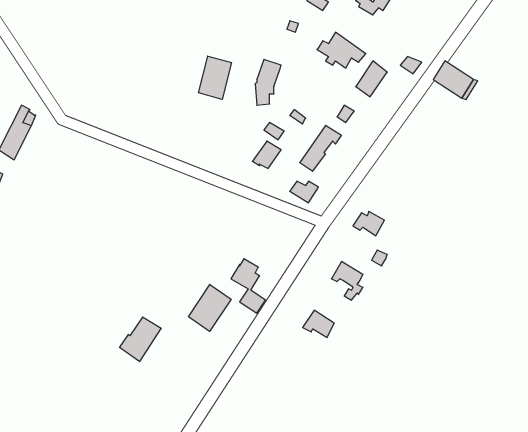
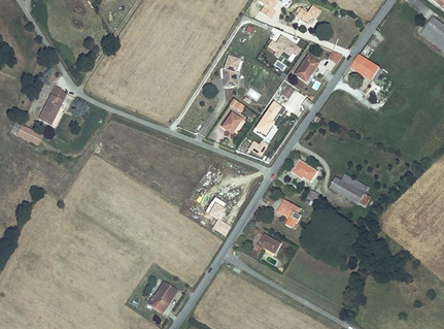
building: [199,56,232,99] -> none
building: none -> [329,173,369,204]
building: [188,284,231,331] -> none
building: [120,317,161,362] -> [146,282,176,314]

